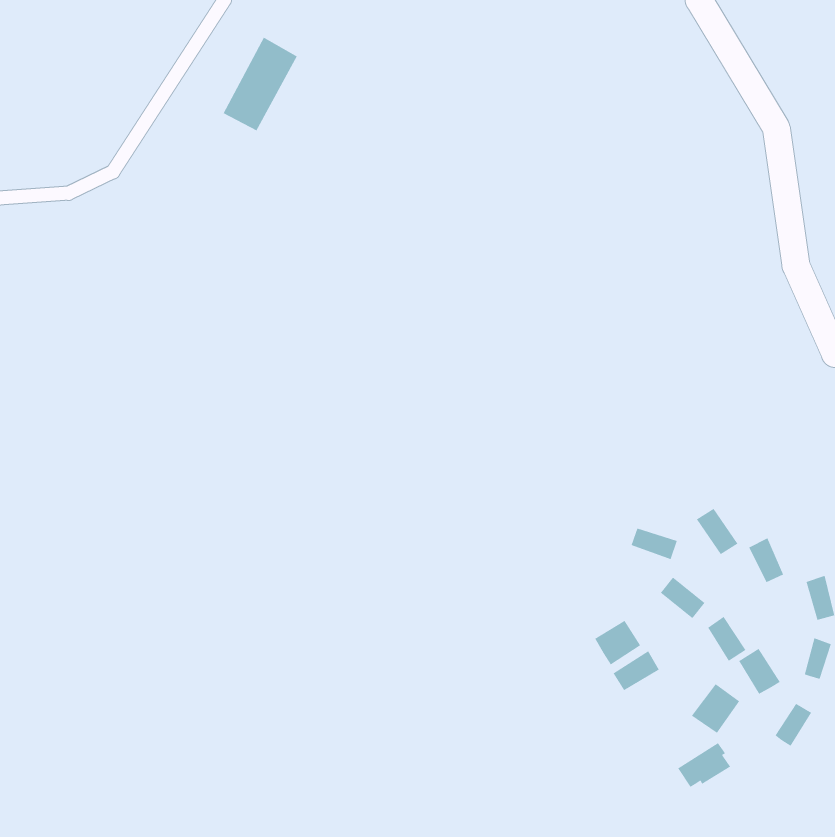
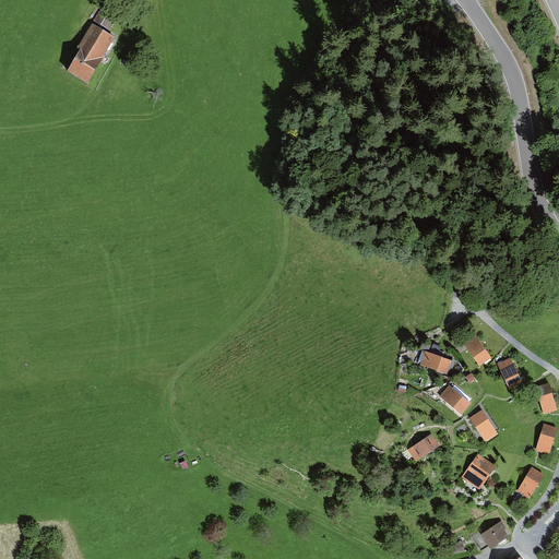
building: [223,36,298,131] -> [64,22,115,85]
building: [594,620,641,666] -> none
building: [738,648,781,695] -> none
building: [677,742,731,788] -> [472,521,508,551]

